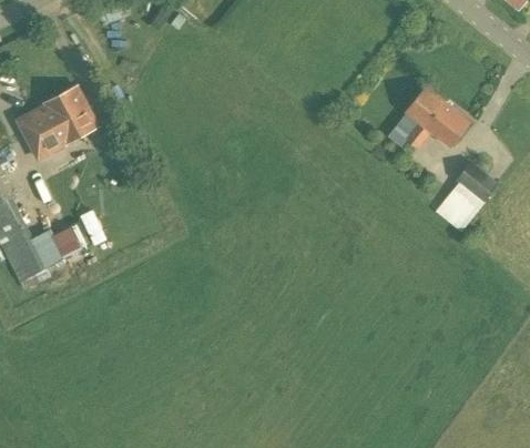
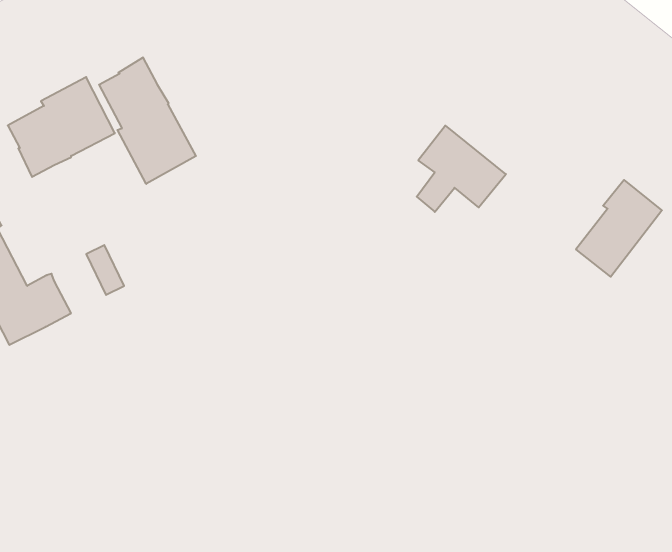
building: none -> [99,57,196,184]
building: [405,86,470,150] -> [417,126,506,212]

